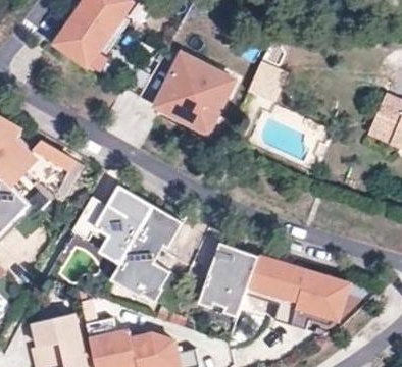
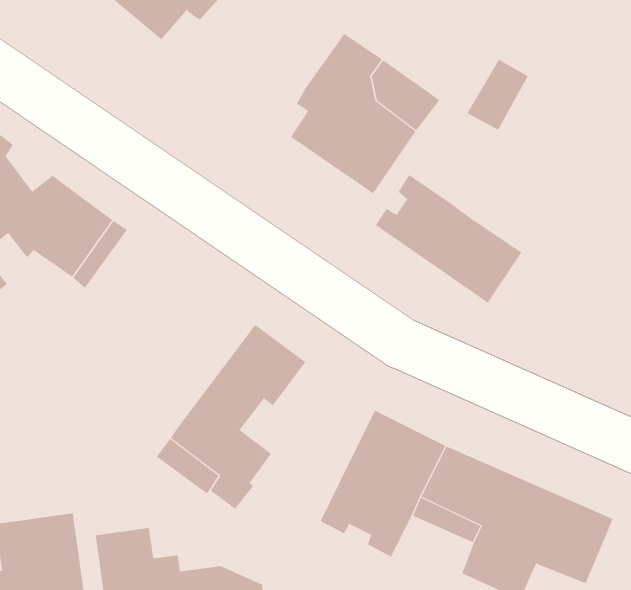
building: none -> [375,174,522,303]
building: [71,186,153,263] -> none

